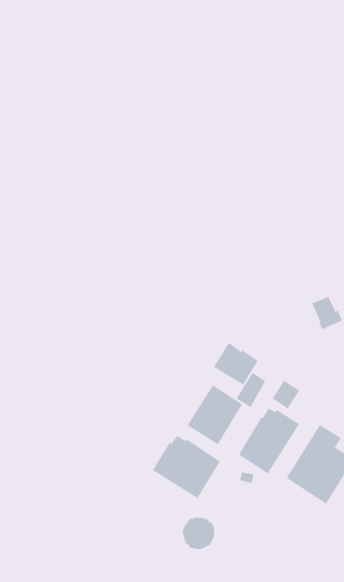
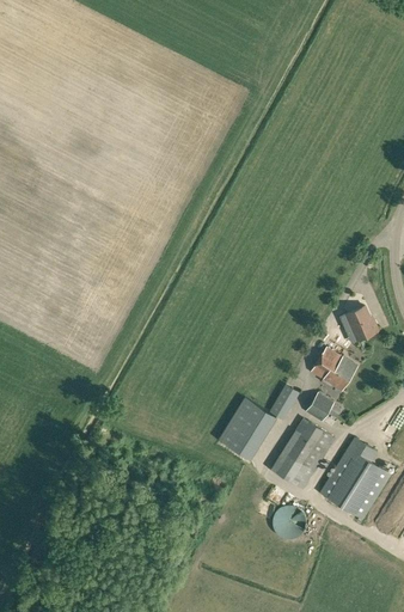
building: [213,342,259,385] -> [310,347,356,391]
building: [152,435,220,499] -> none
building: [182,517,215,550] -> [271,506,305,539]

